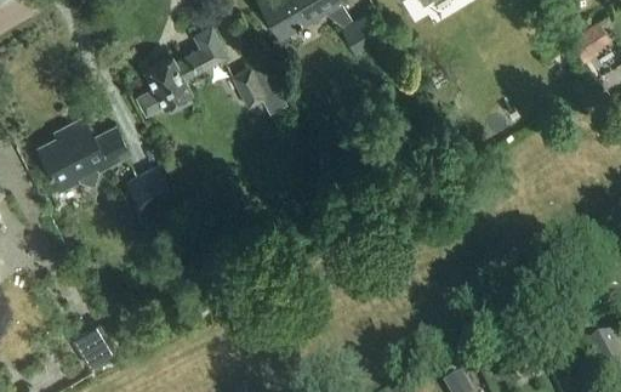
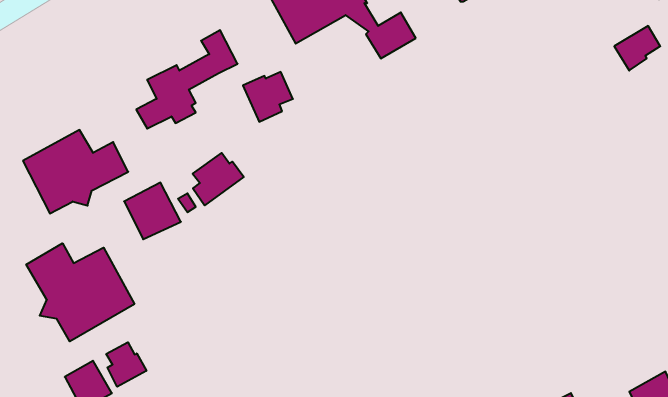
building: none -> [193,153,244,205]
building: none -> [26,243,134,341]
building: none -> [106,342,146,387]

